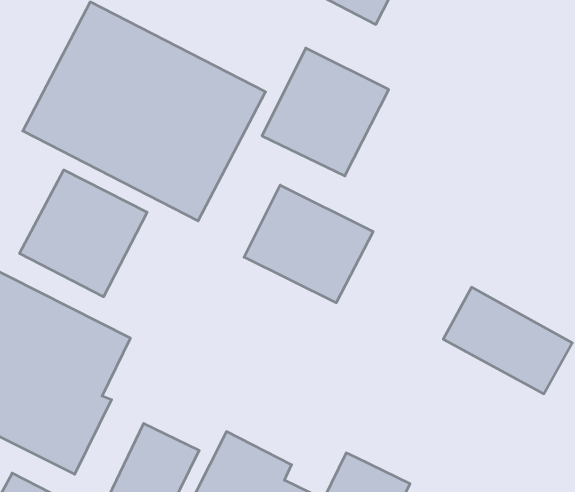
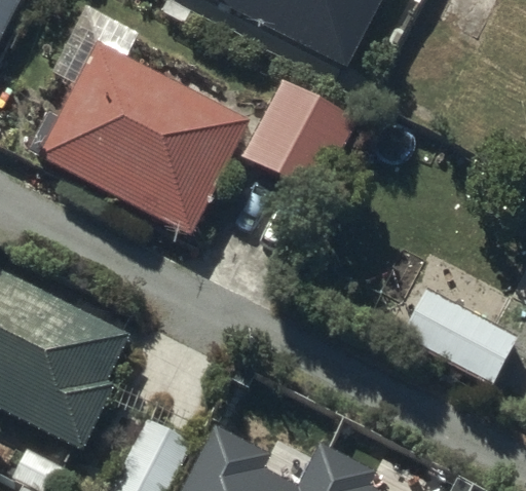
building: [20,170,147,297] -> none
building: [244,185,373,303] -> none

